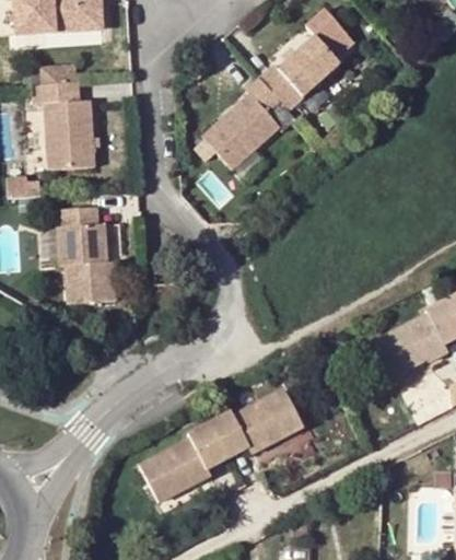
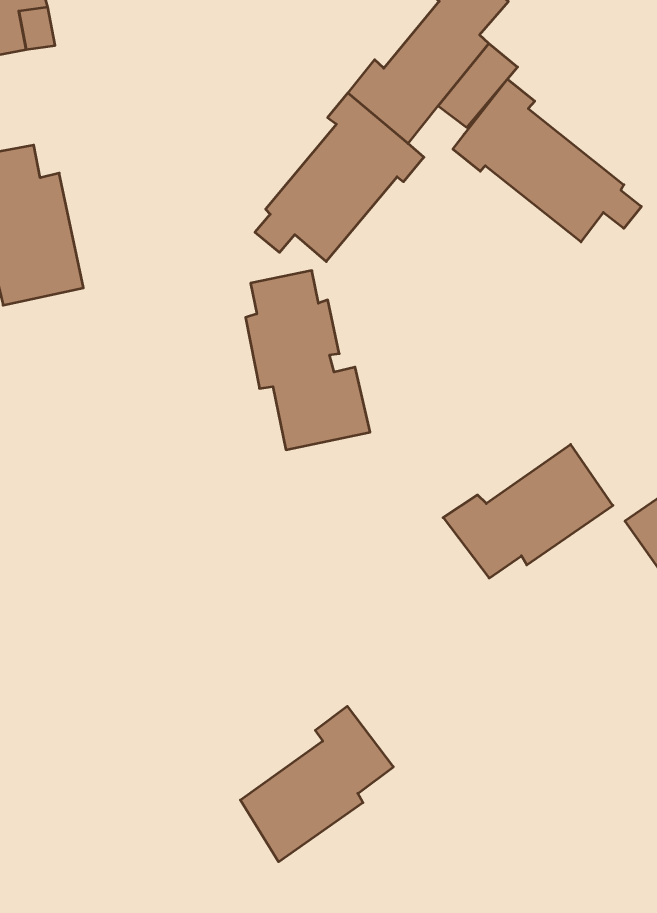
building: none -> [453,79,641,242]
building: [57,205,117,302] -> [246,271,370,450]
building: [209,388,304,456] -> [443,444,613,578]

